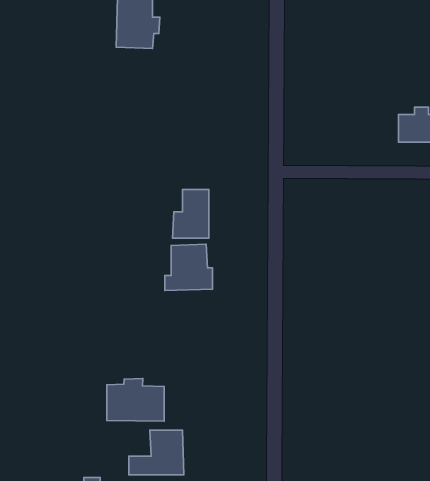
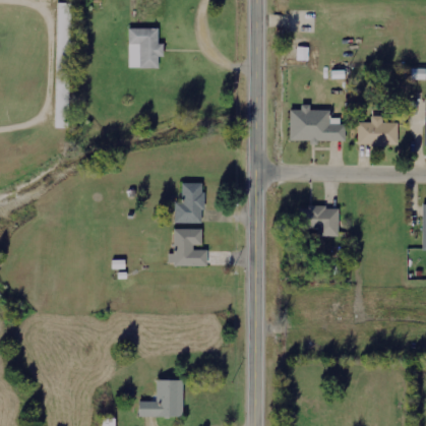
building: none -> [290,109,347,140]
building: none -> [299,206,340,236]
building: [107,379,164,421] -> none

